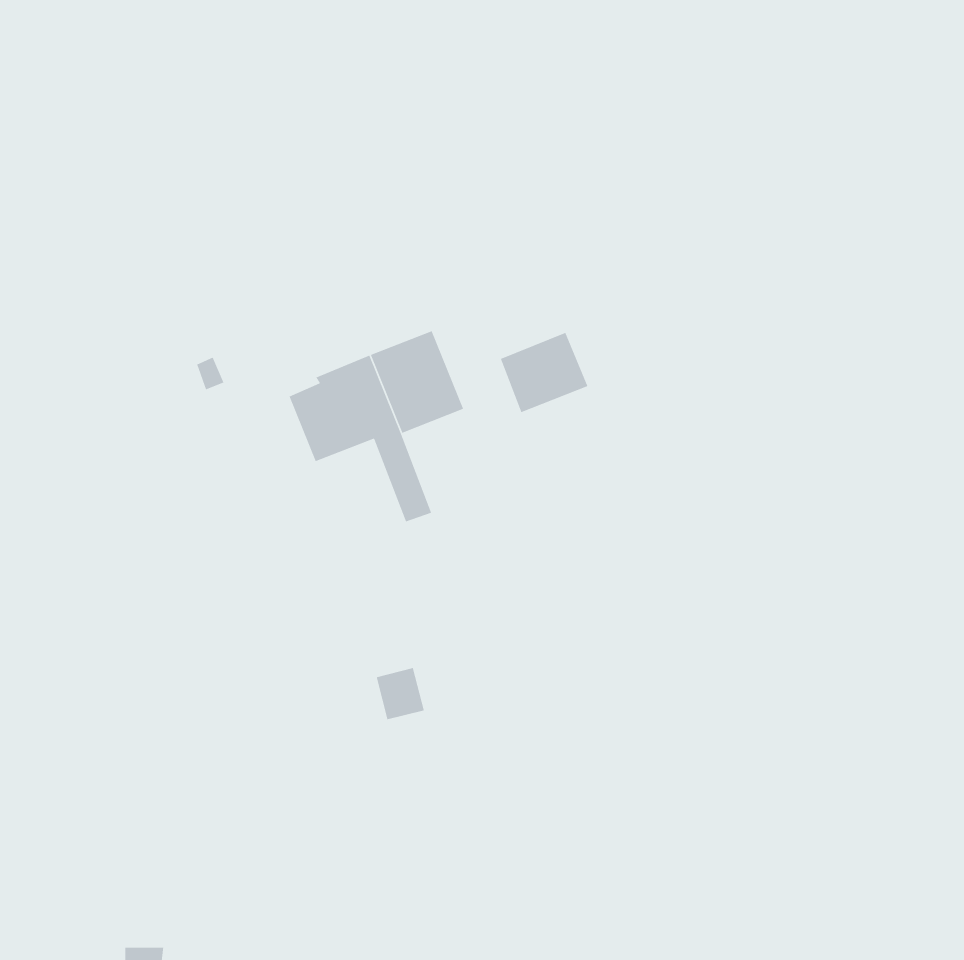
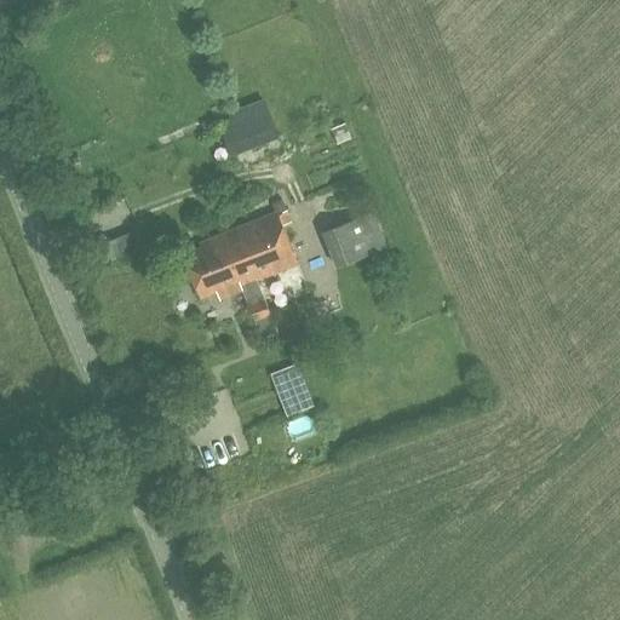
building: none -> [219,104,277,156]
building: [376,667,425,720] -> [275,374,306,408]

